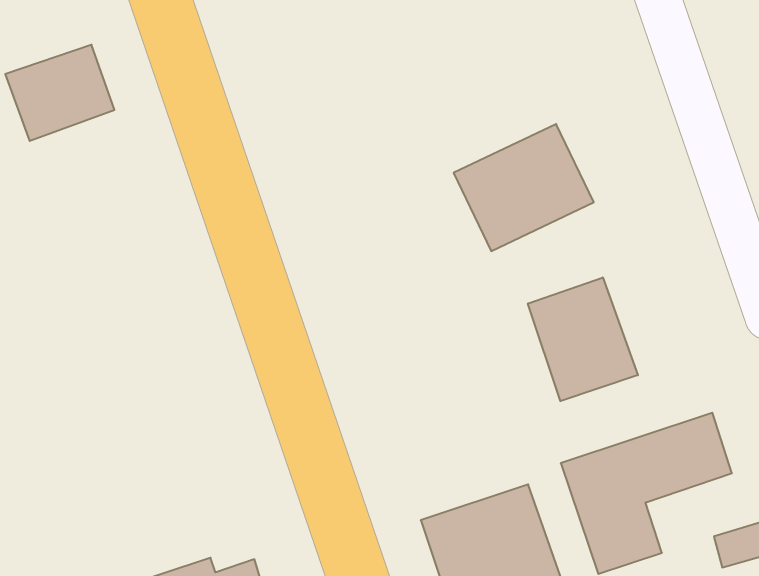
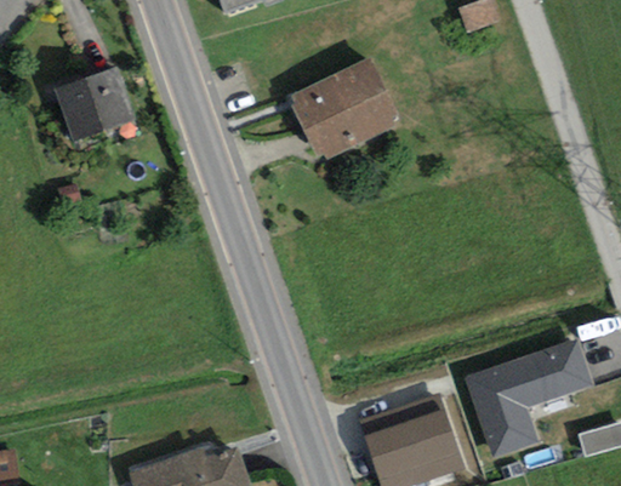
building: [454,124,594,251] -> [292,59,397,154]
building: [528,277,638,401] -> none

